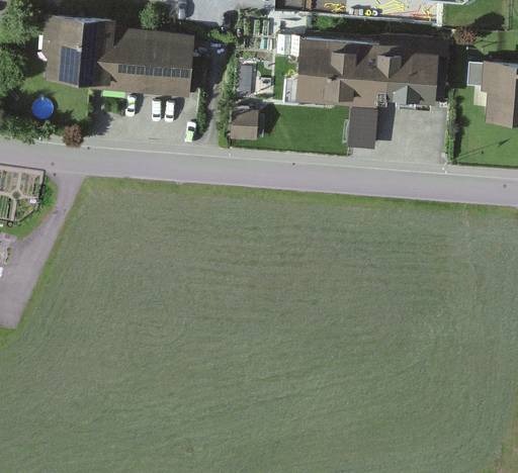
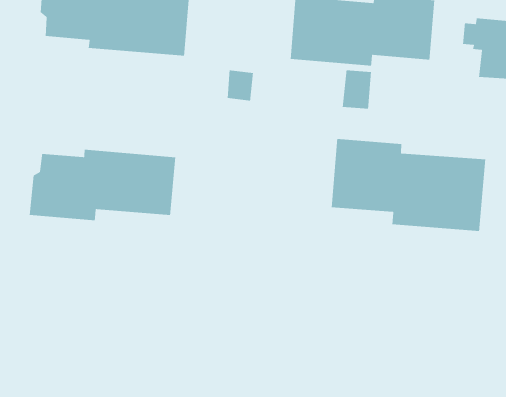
building: none -> [331,138,486,232]
building: none -> [29,149,176,221]

